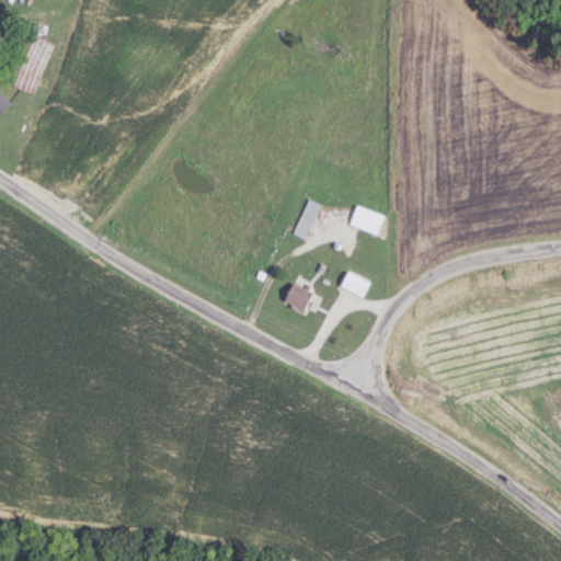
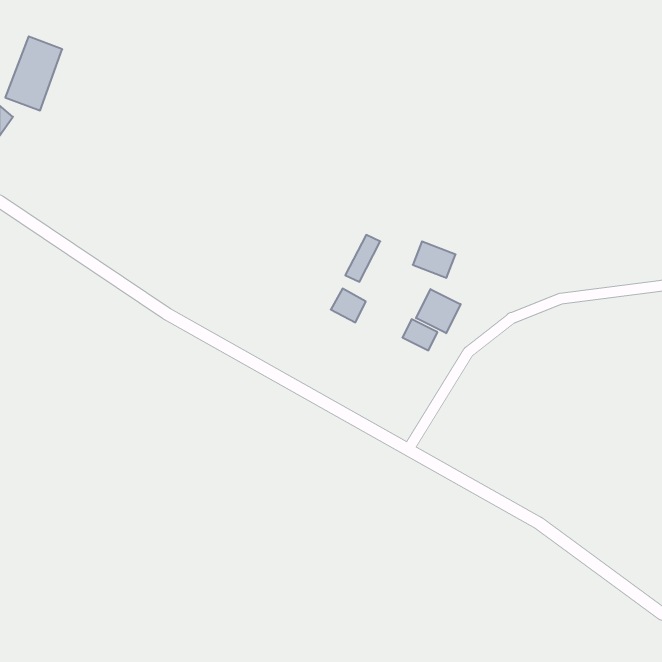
building: none -> [416,289,461,333]
building: [284,283,313,311] -> [331,289,366,322]

